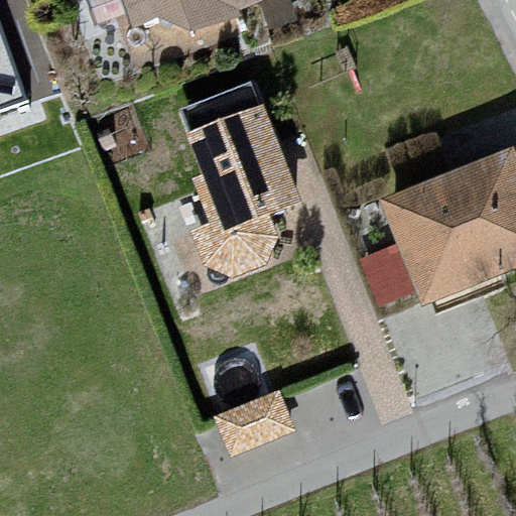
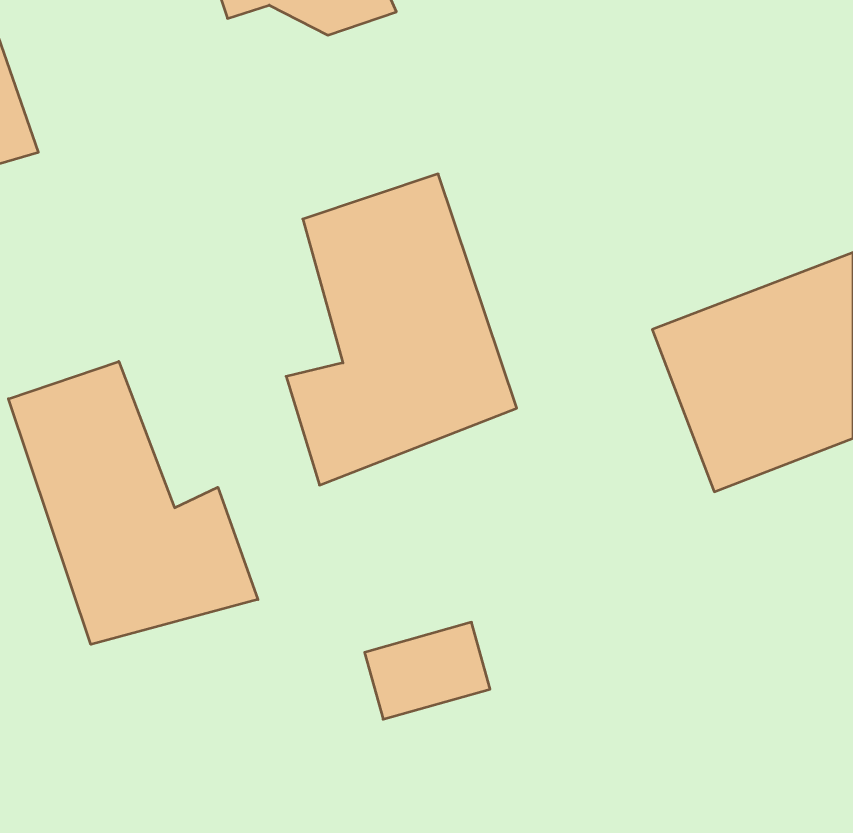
building: none -> [8,361,258,644]

